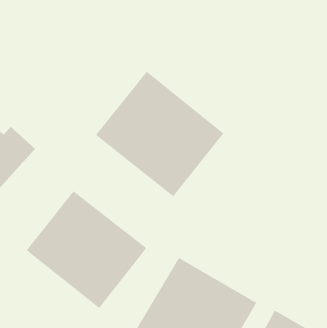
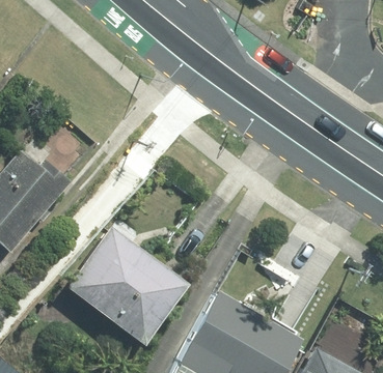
building: [95,71,224,197] -> none

